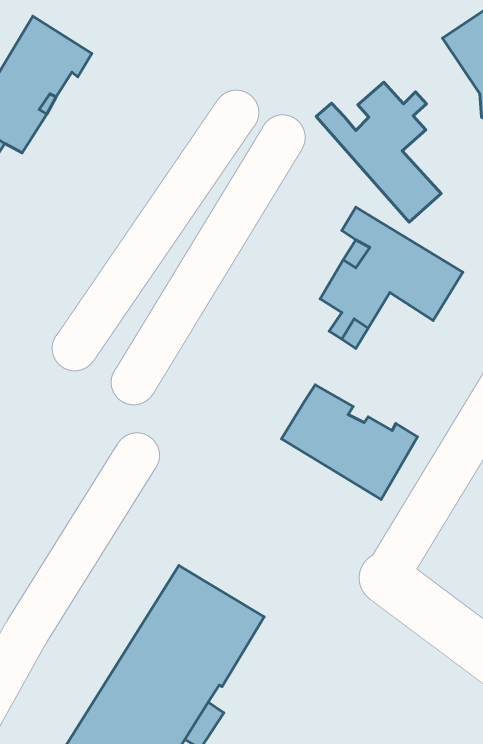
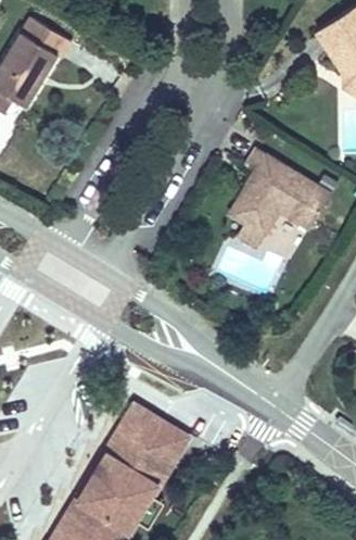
building: [316,82,441,222] -> none
building: [282,385,418,499] -> none

